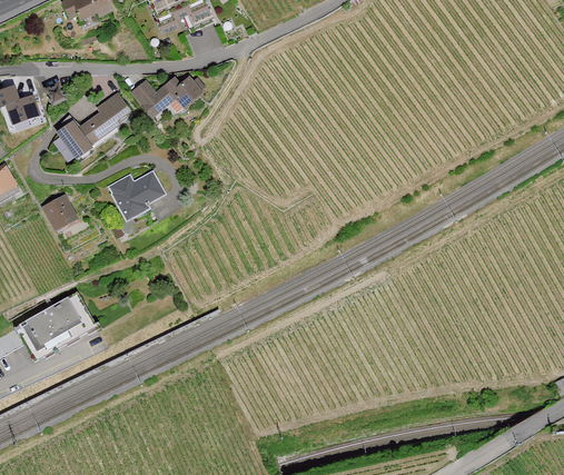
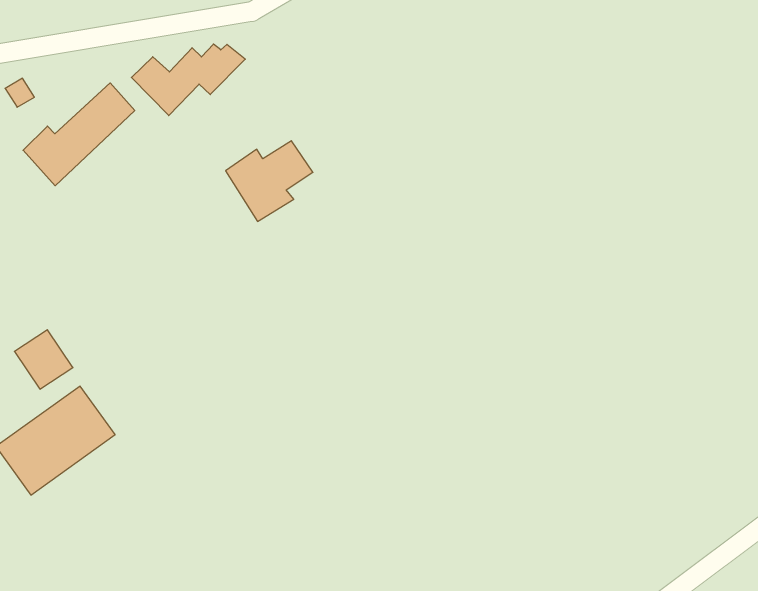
building: [108,170,166,221] -> [226,141,313,221]
building: [41,192,79,231] -> [14,330,73,389]

